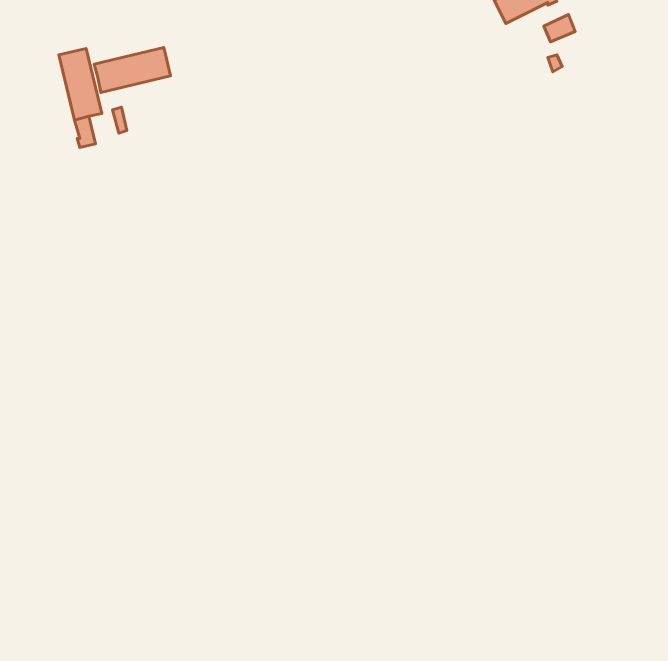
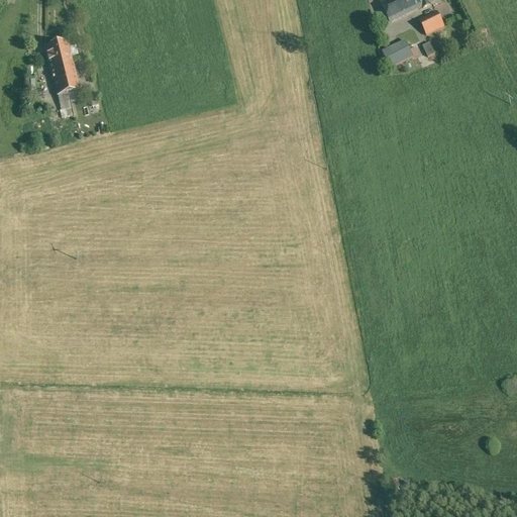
building: [94,48,171,93] -> none
building: none -> [382,38,415,68]

